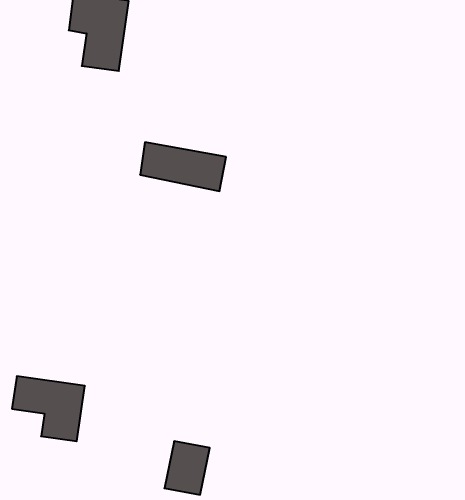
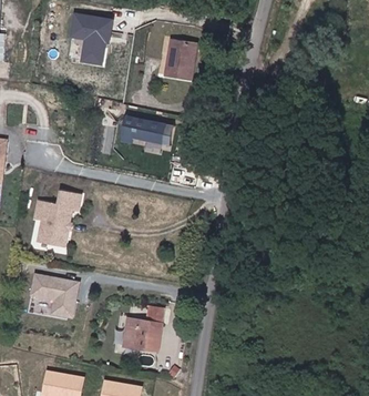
building: none -> [172,41,198,80]
building: none -> [33,192,78,246]

